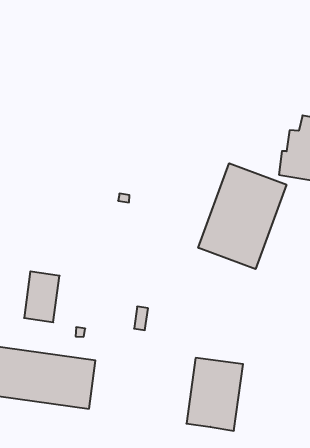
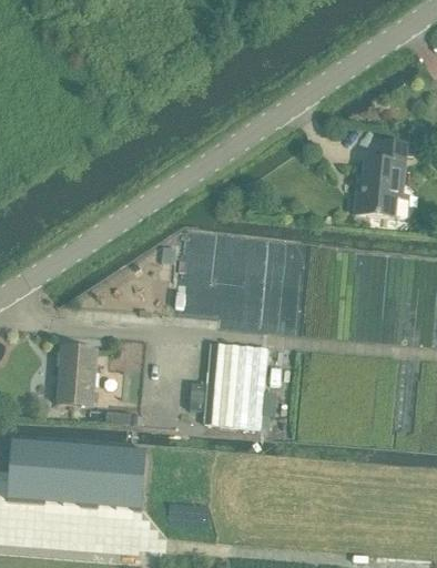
building: [198,163,286,269] -> none
building: [186,358,243,431] -> [205,344,270,429]

